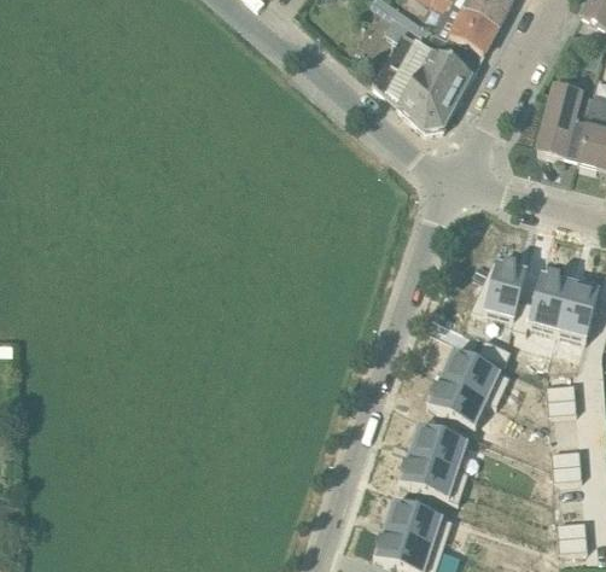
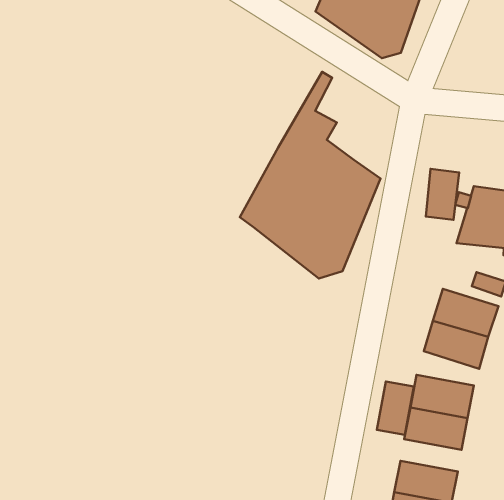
building: none -> [240,72,381,278]
building: none -> [426,169,459,220]
building: none -> [377,381,414,435]

